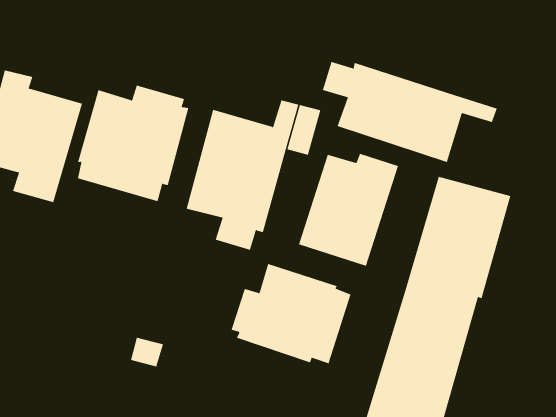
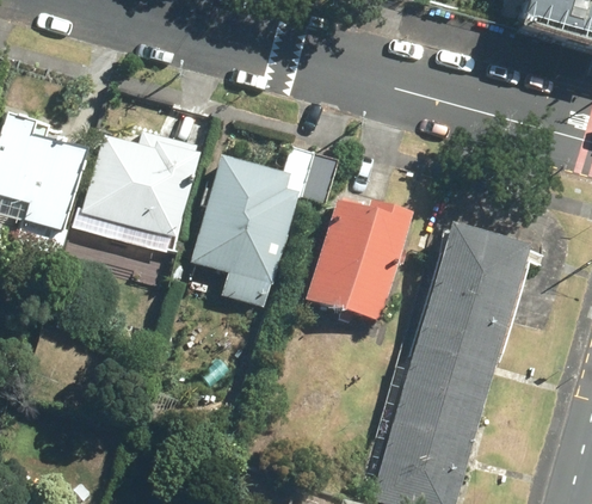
building: [322,61,497,163] -> none
building: [231,263,351,364] -> none

